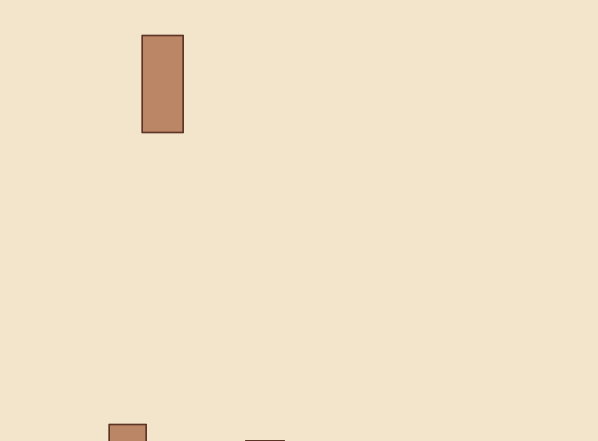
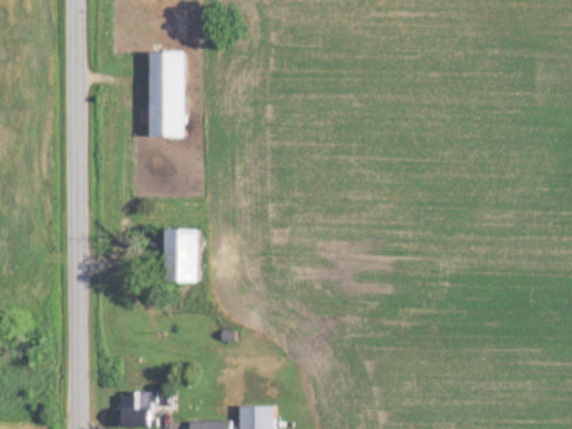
building: none -> [166,229,199,282]

